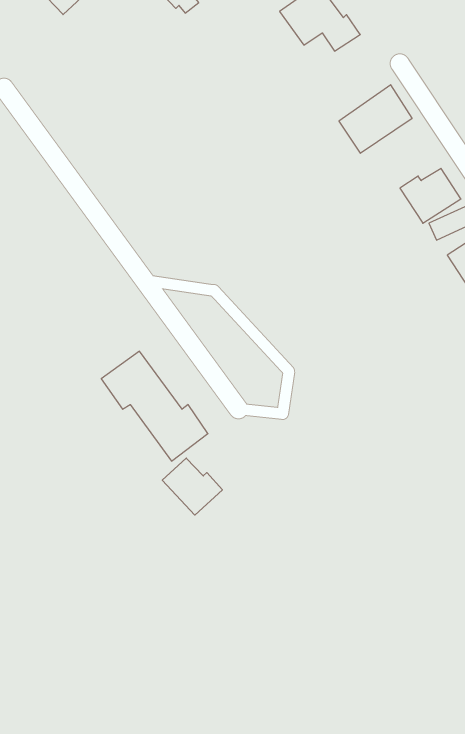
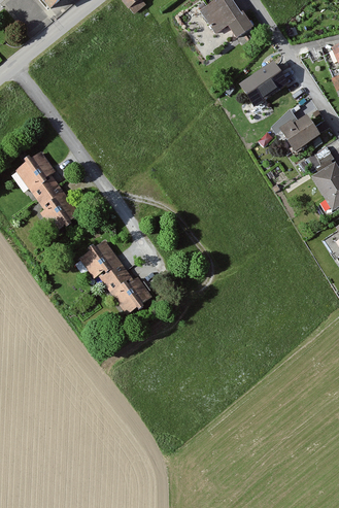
building: none -> [14,149,80,232]
building: [162,458,222,515] -> none

